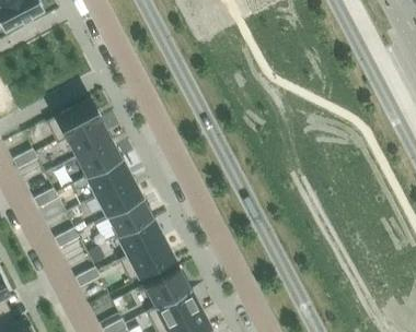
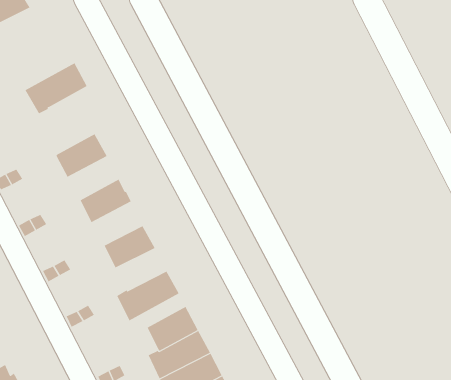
building: [46,97,101,142] -> [25,62,88,114]
building: [77,138,122,176] -> none
building: [97,177,142,215] -> none
building: [118,217,163,254] -> none

